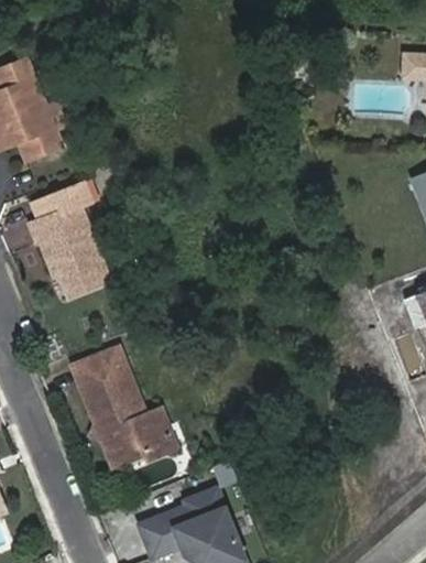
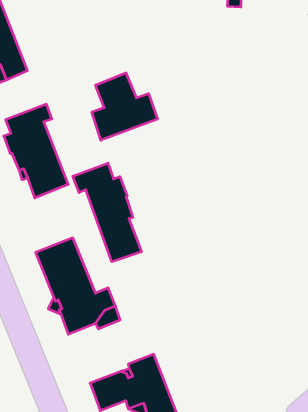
building: none -> [92,73,157,140]
building: none -> [73,163,141,262]

